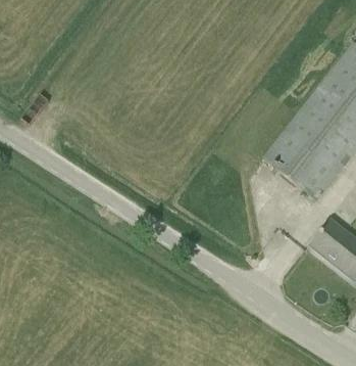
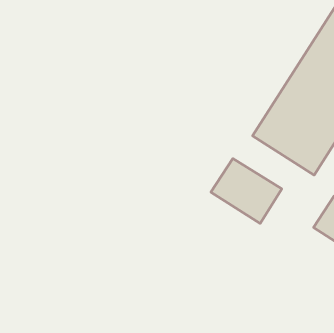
building: none -> [211,158,282,224]

